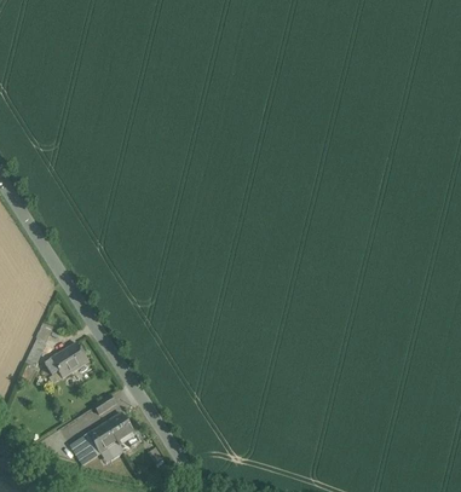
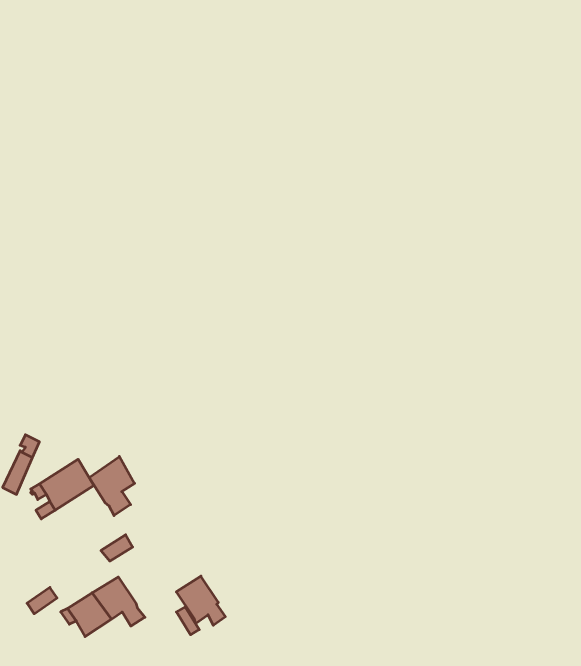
building: none -> [89,456,135,516]
building: [104,412,138,446] -> [176,576,225,625]

